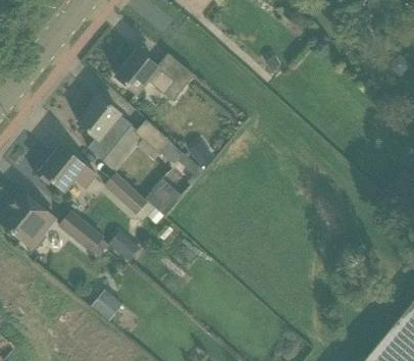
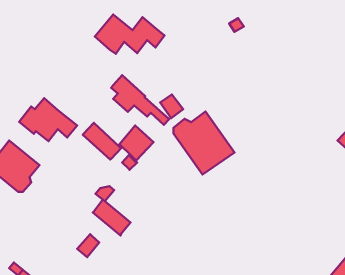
building: [80,98,134,161] -> none
building: none -> [173,112,235,174]
building: [60,212,102,252] -> [93,200,130,235]

